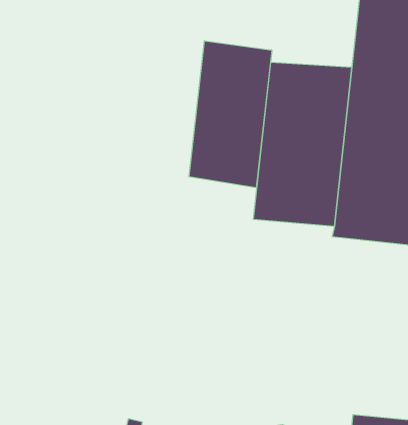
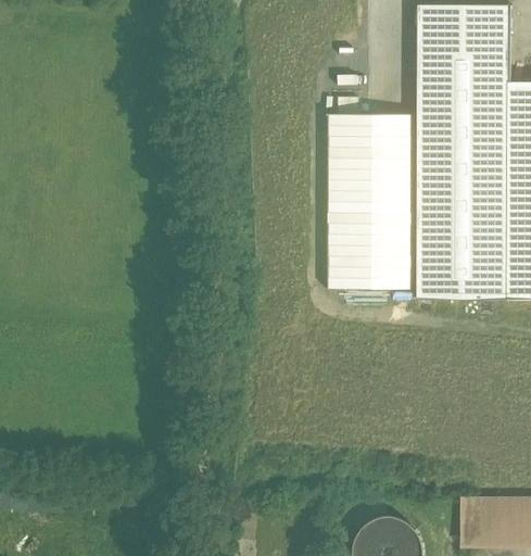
building: [189,41,272,188] -> none

